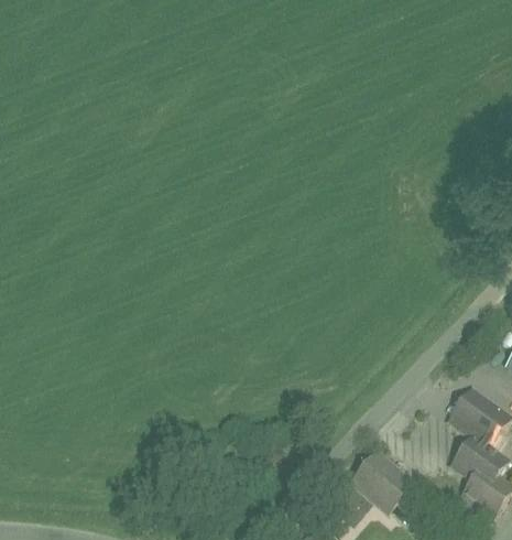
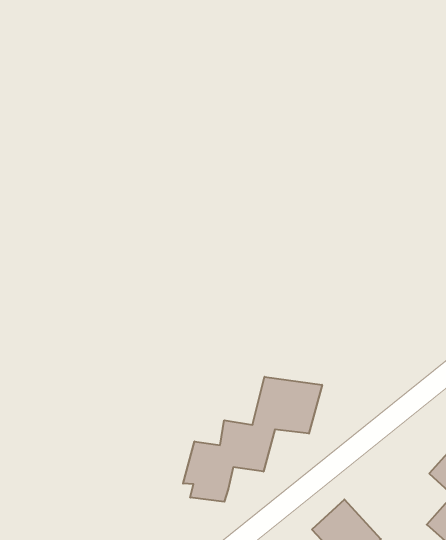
building: none -> [183,377,322,502]

